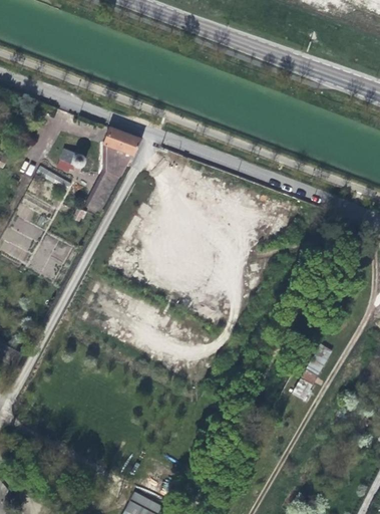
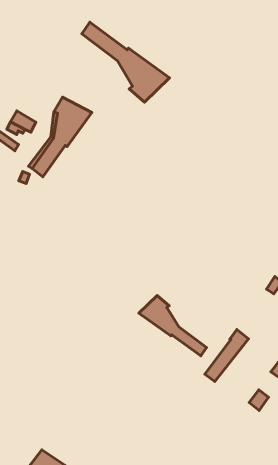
building: none -> [82,22,169,102]
building: none -> [139,296,207,356]

